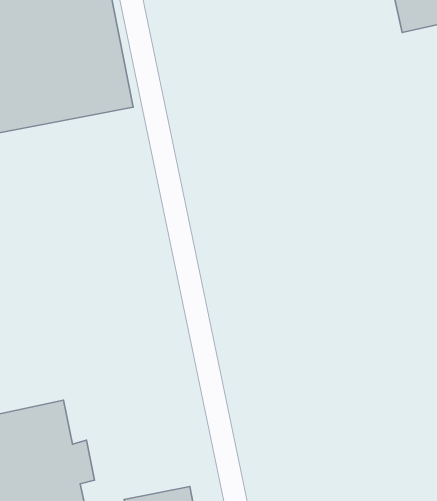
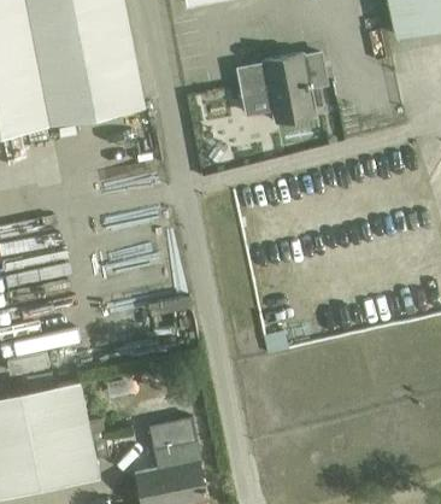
building: none -> [239,55,325,124]
building: none -> [151,420,196,452]

